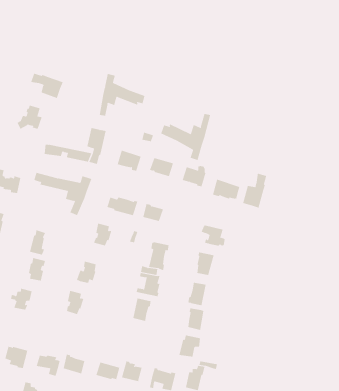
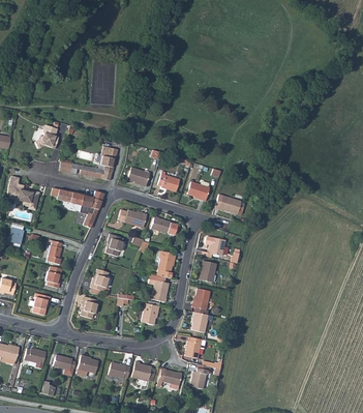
building: [30,73,64,99] -> none
building: [99,73,145,116] -> none
building: [161,113,211,161] -> none
building: [242,173,267,209] -> none

